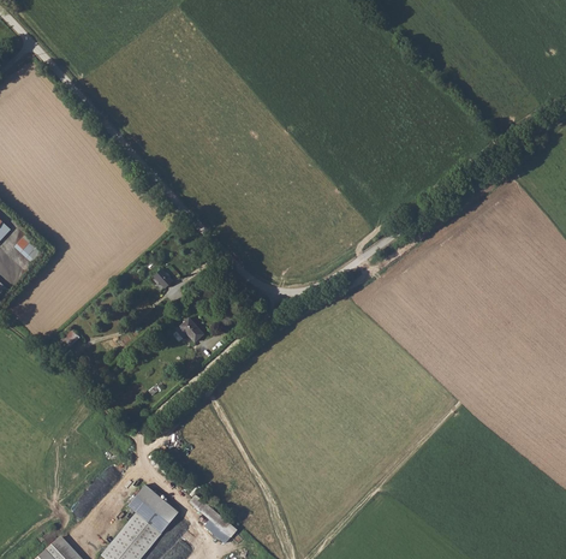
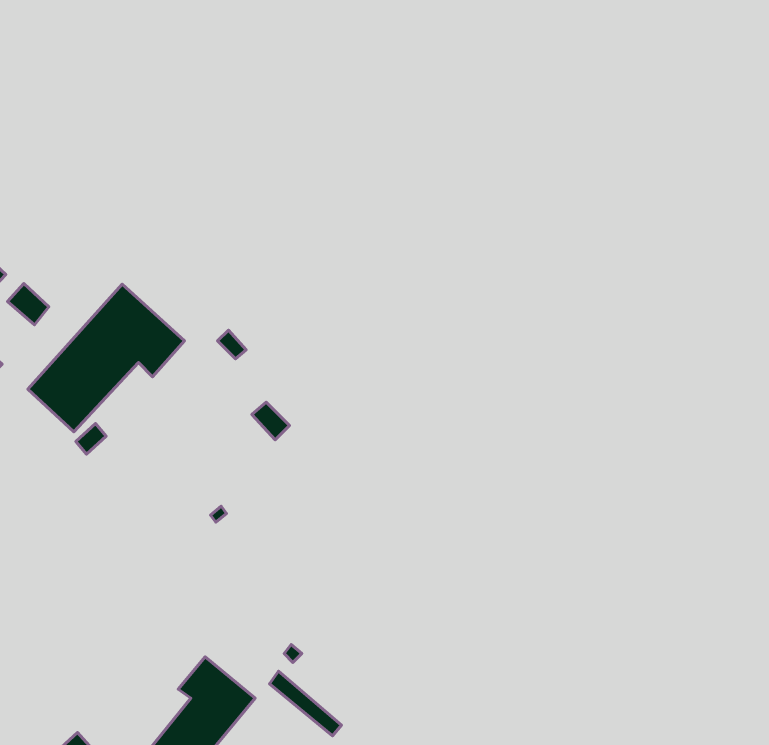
building: none -> [28,284,184,432]

